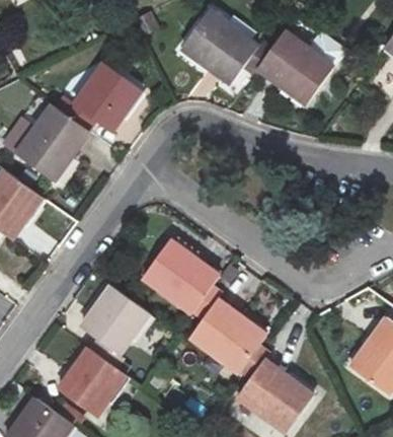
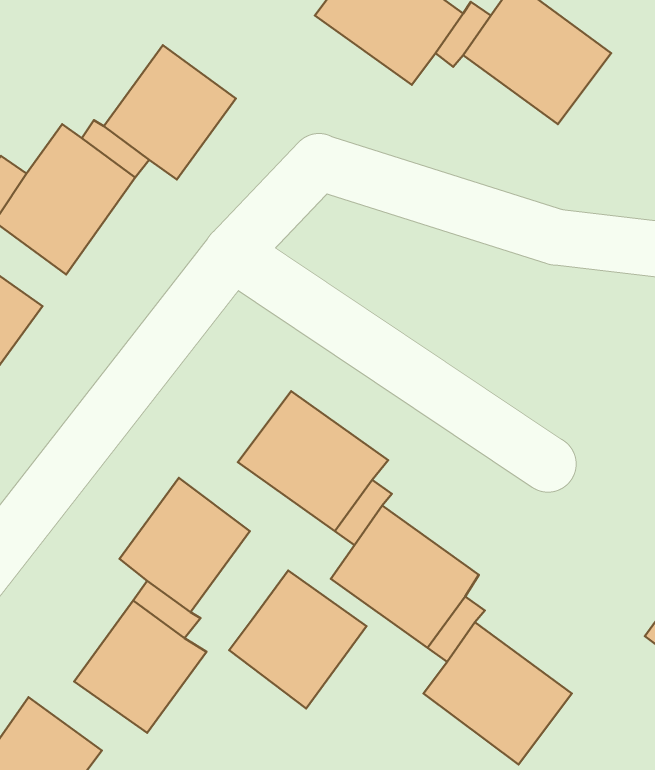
building: none -> [229,570,367,709]

